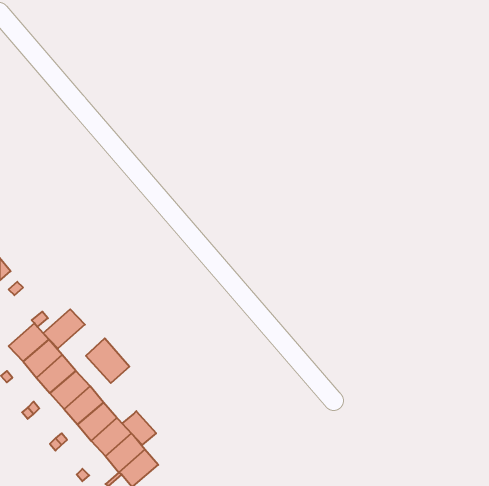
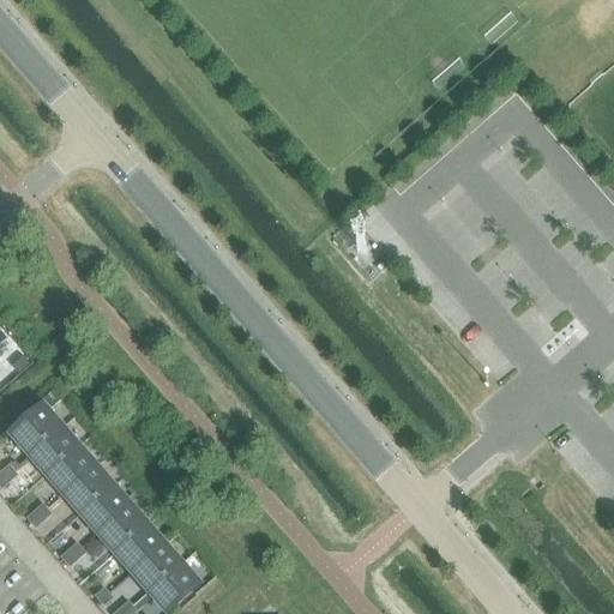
building: [43,309,85,349] -> none
building: [86,338,129,383] -> none
building: [122,411,156,445] -> none

